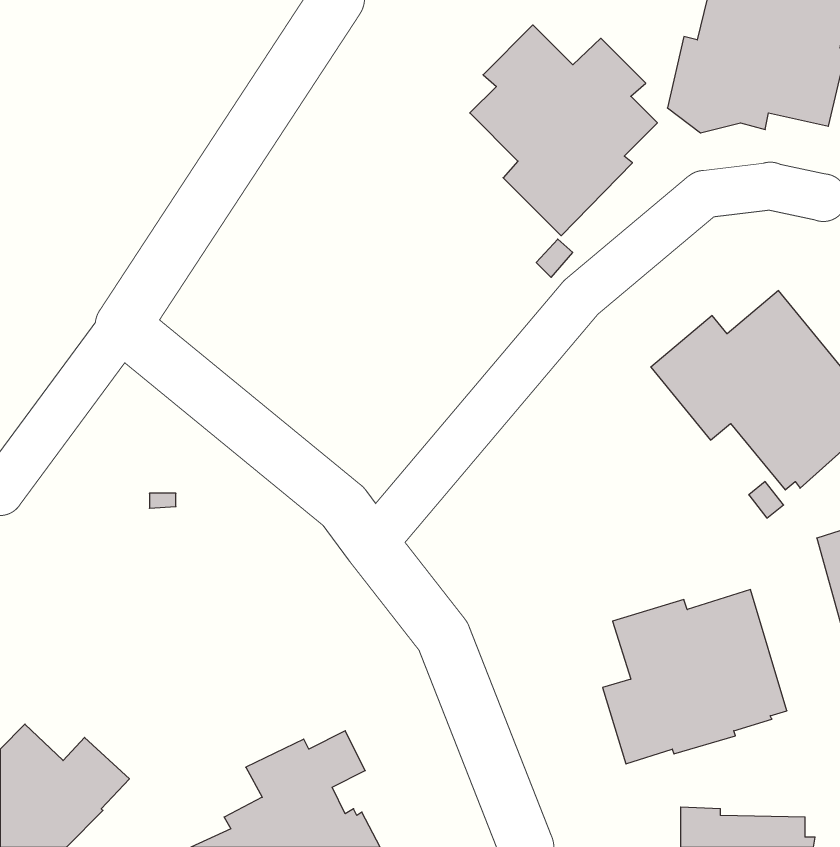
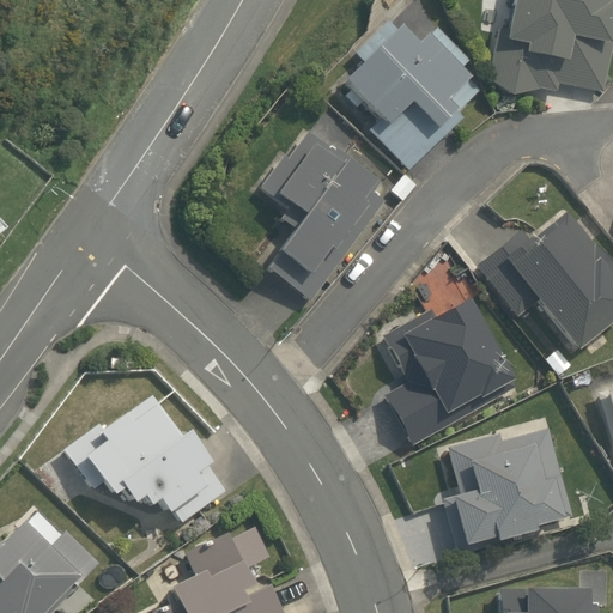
building: none -> [261,127,386,302]
building: none -> [384,297,515,444]
building: none -> [63,395,224,521]

